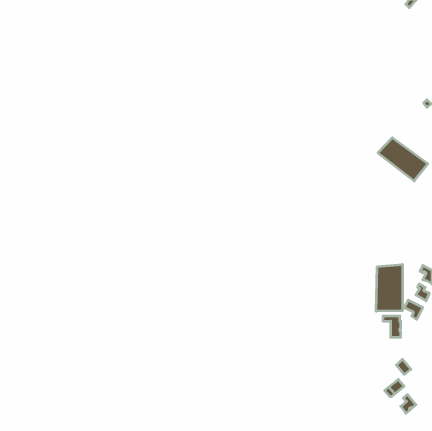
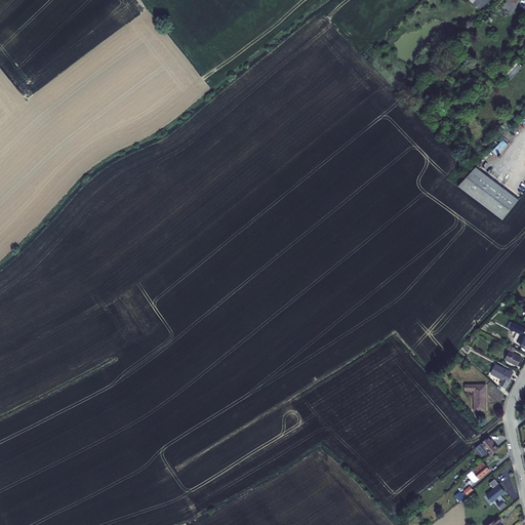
building: [376,264,402,311] -> none

